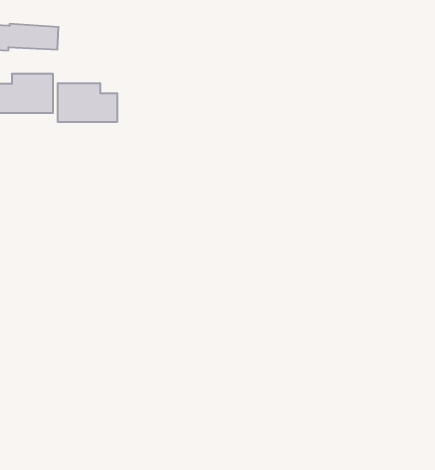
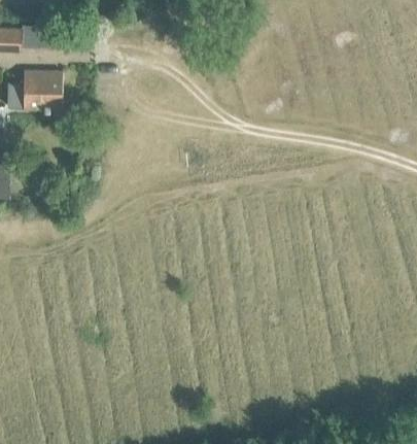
building: [58,83,117,122] -> none

